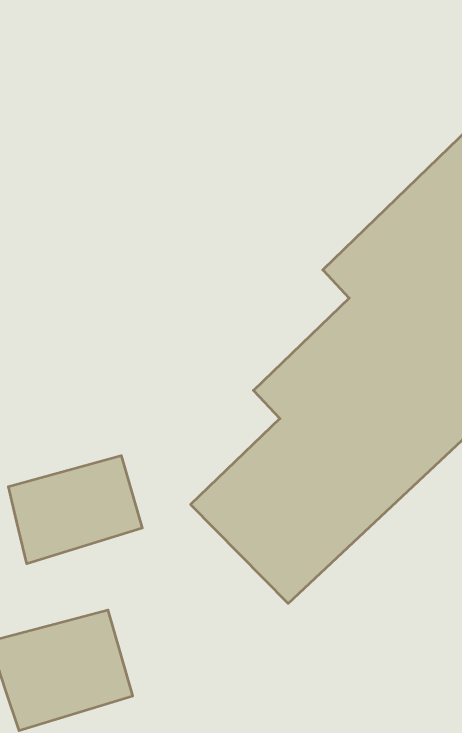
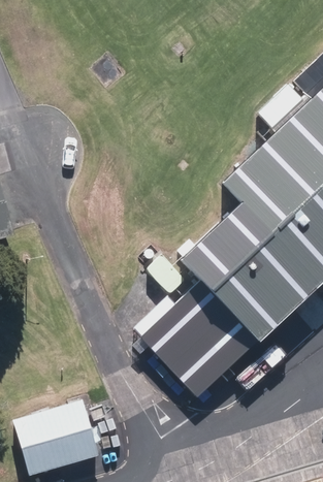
building: [8,456,142,564] -> none

